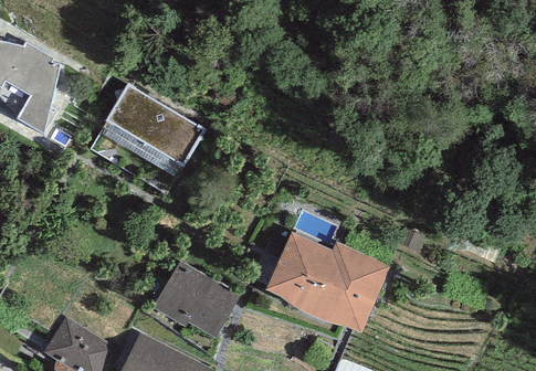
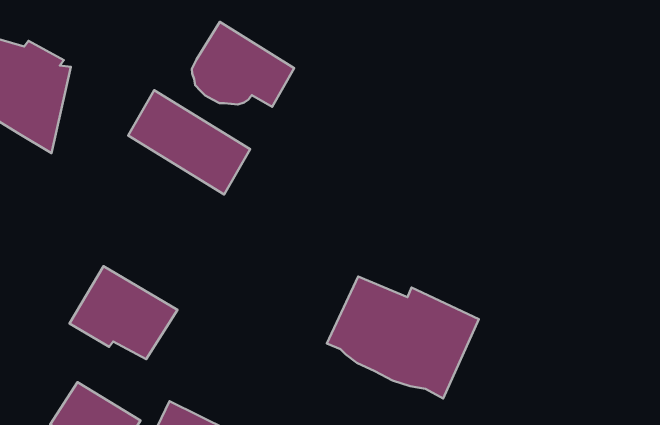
building: none -> [192,22,294,107]
building: [151,261,239,336] -> [69,266,178,359]

